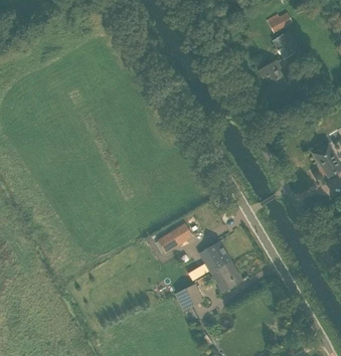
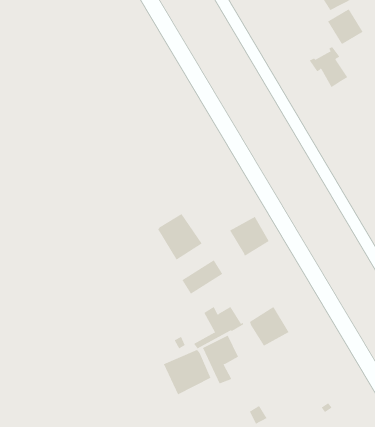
building: none -> [157,213,203,260]
building: [199,241,230,273] -> [229,216,269,257]
building: none -> [163,349,211,395]

